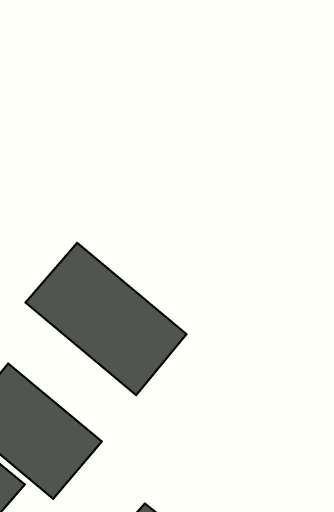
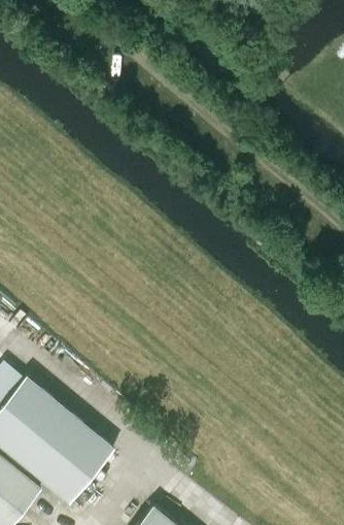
building: [25,243,186,395] -> none

